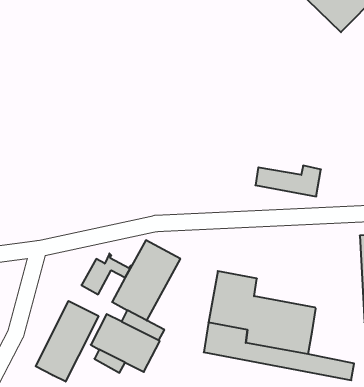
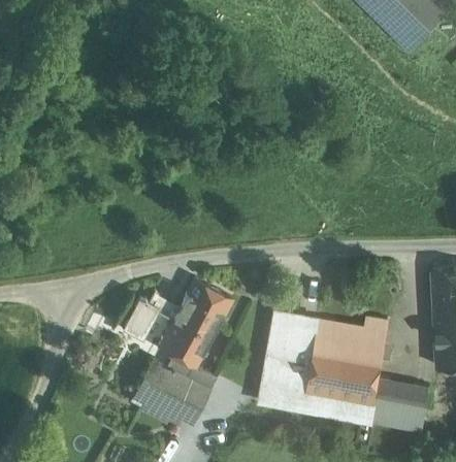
building: [255,166,321,196] -> [315,319,387,353]
building: [36,301,98,382] -> none
building: none -> [374,380,429,415]

